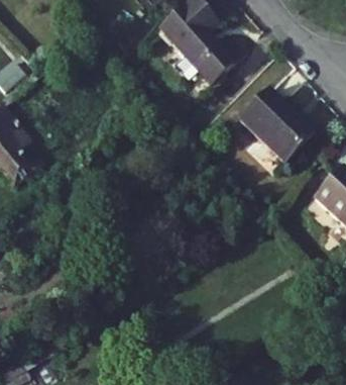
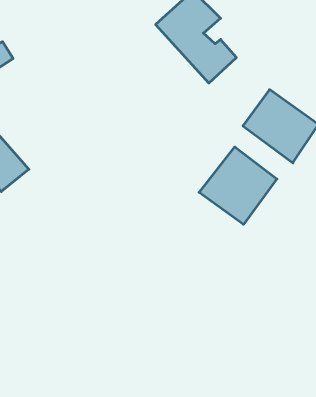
building: none -> [199,147,277,224]

